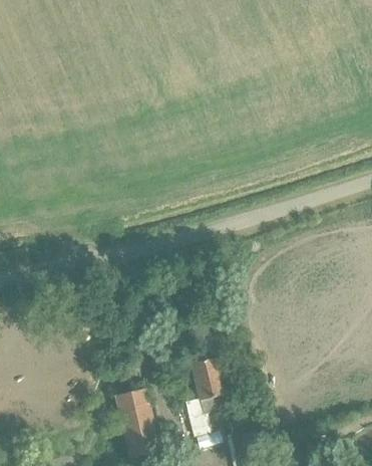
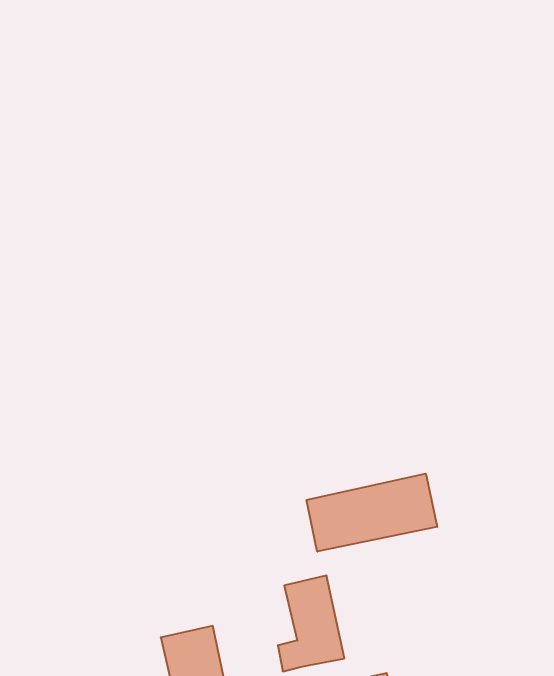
building: none -> [307,474,437,552]

